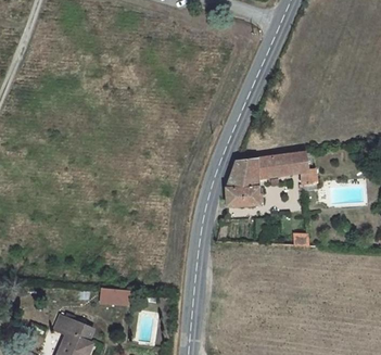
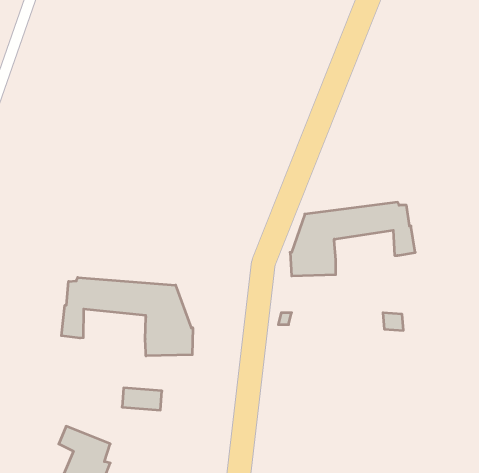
building: none -> [61,277,193,356]

